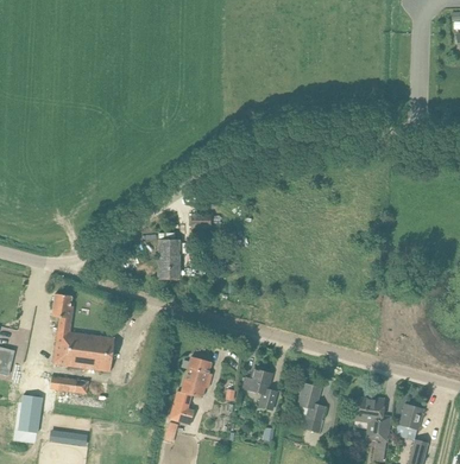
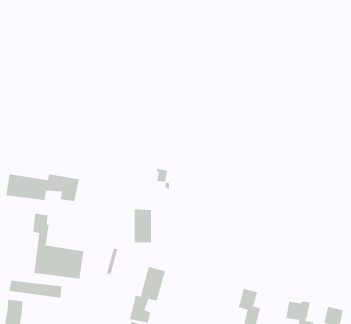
building: [158,239,179,279] -> [134,209,152,243]
building: none -> [6,174,79,202]
building: [242,369,277,409] -> none

